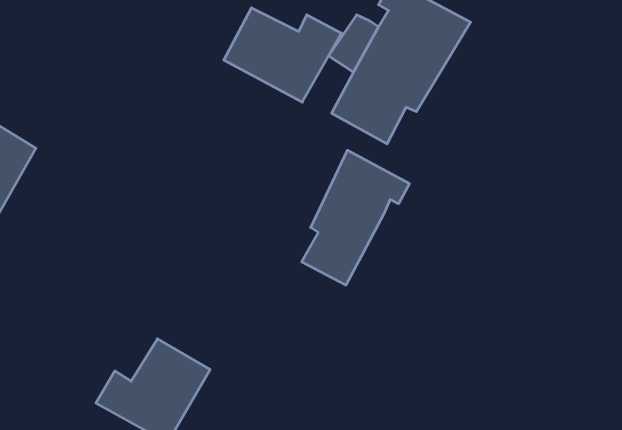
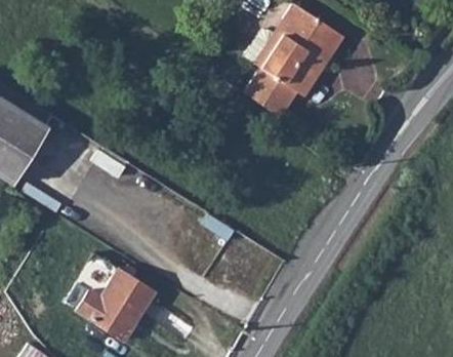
building: [224,8,342,102] -> none
building: [302,150,409,285] -> none

